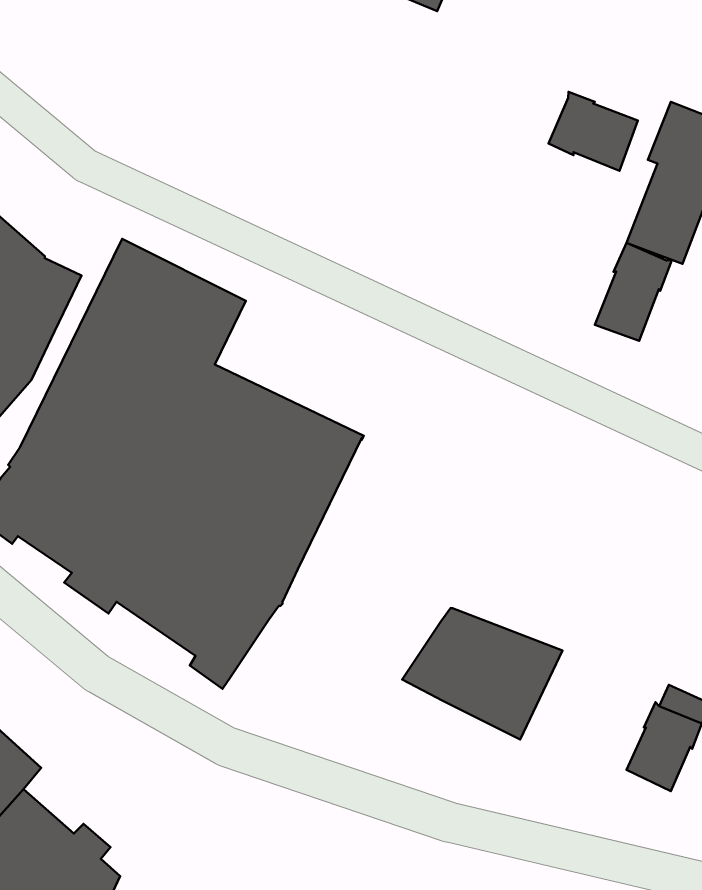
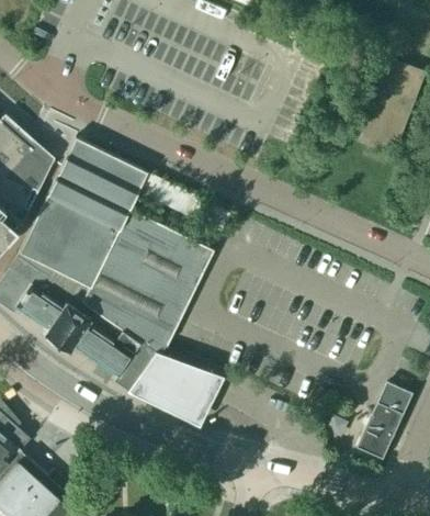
building: [549,92,638,171] -> none
building: [595,243,672,341] -> none
building: [402,608,563,739] -> [136,347,227,422]

